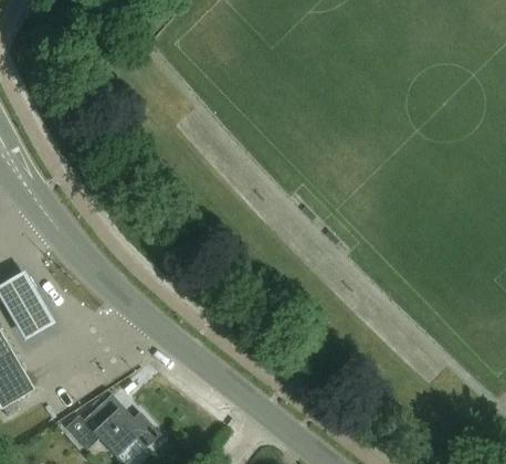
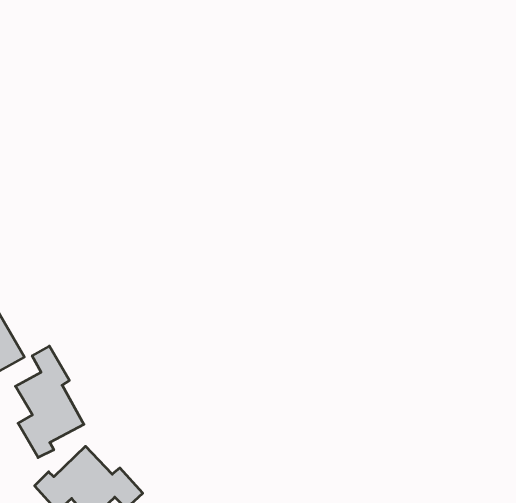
building: none -> [15,346,84,458]

